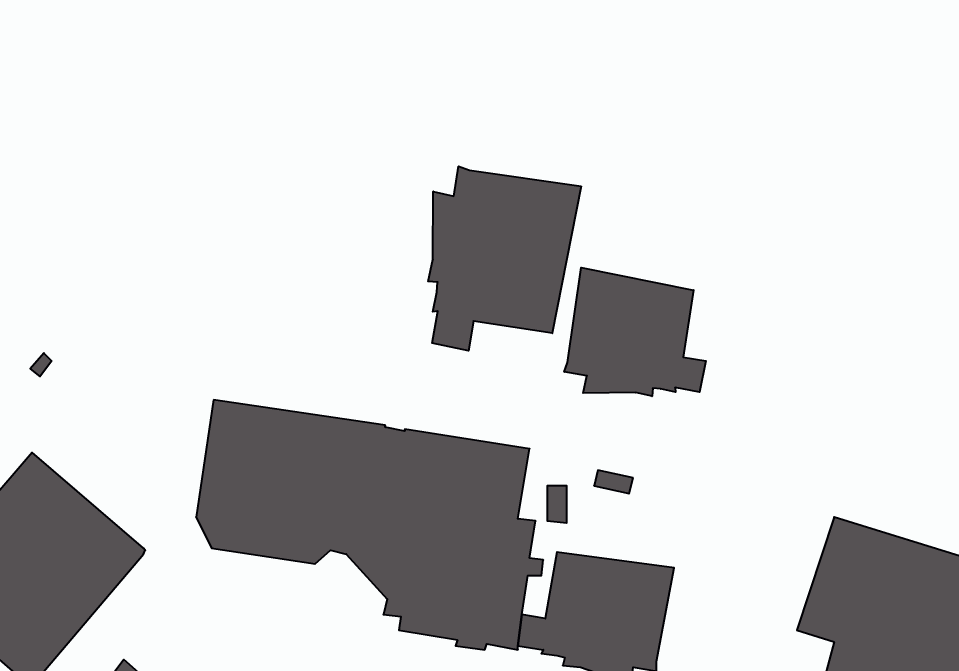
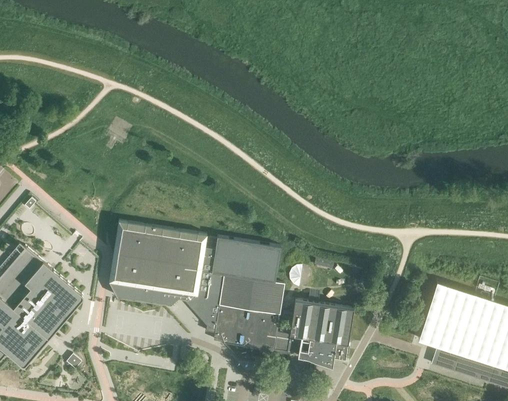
building: [428,166,581,351] -> none
building: [564,268,706,396] -> none

